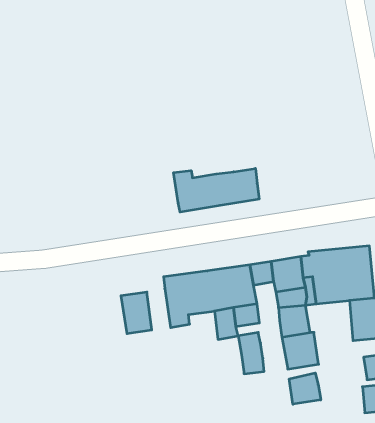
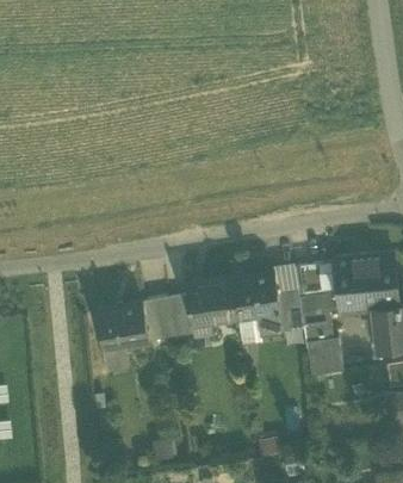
building: [174,168,259,212] -> none
building: none -> [169,298,193,340]
building: none -> [98,304,149,372]
building: [238,332,264,374] -> [277,291,303,333]
building: [289,373,321,404] -> none

